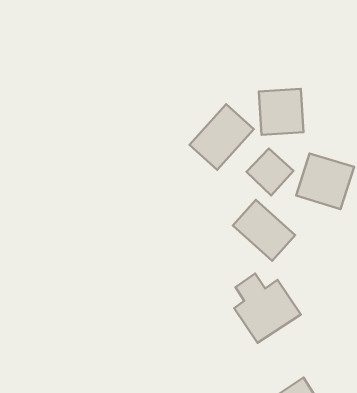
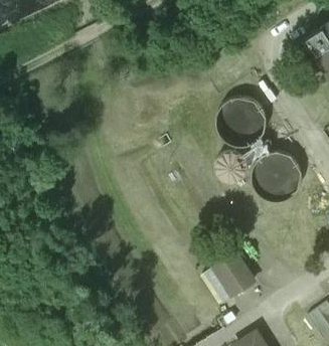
building: [189,104,254,170] -> none
building: [233,200,295,261] -> none

